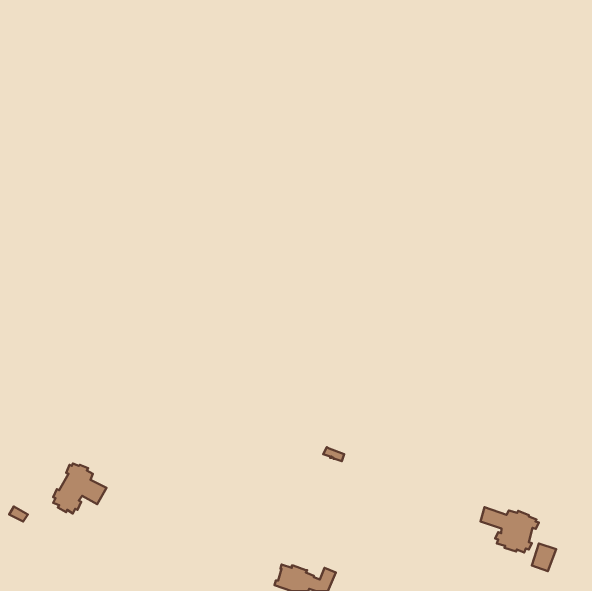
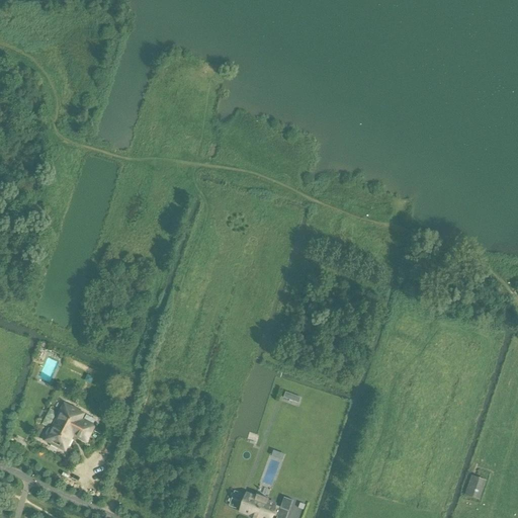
building: [481,507,539,552] -> none

